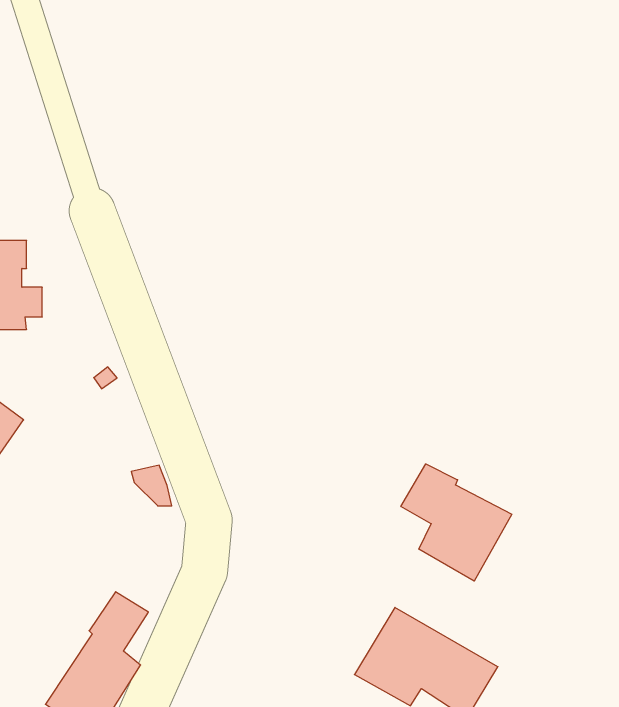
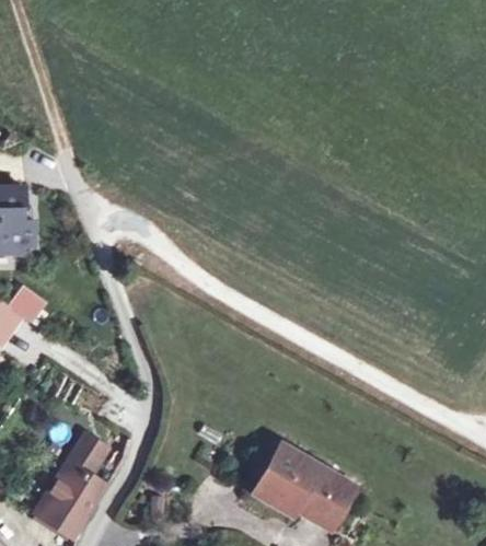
building: [401,464,512,581] -> none

